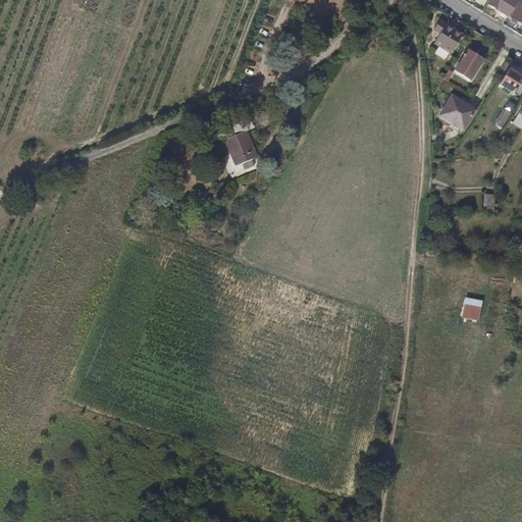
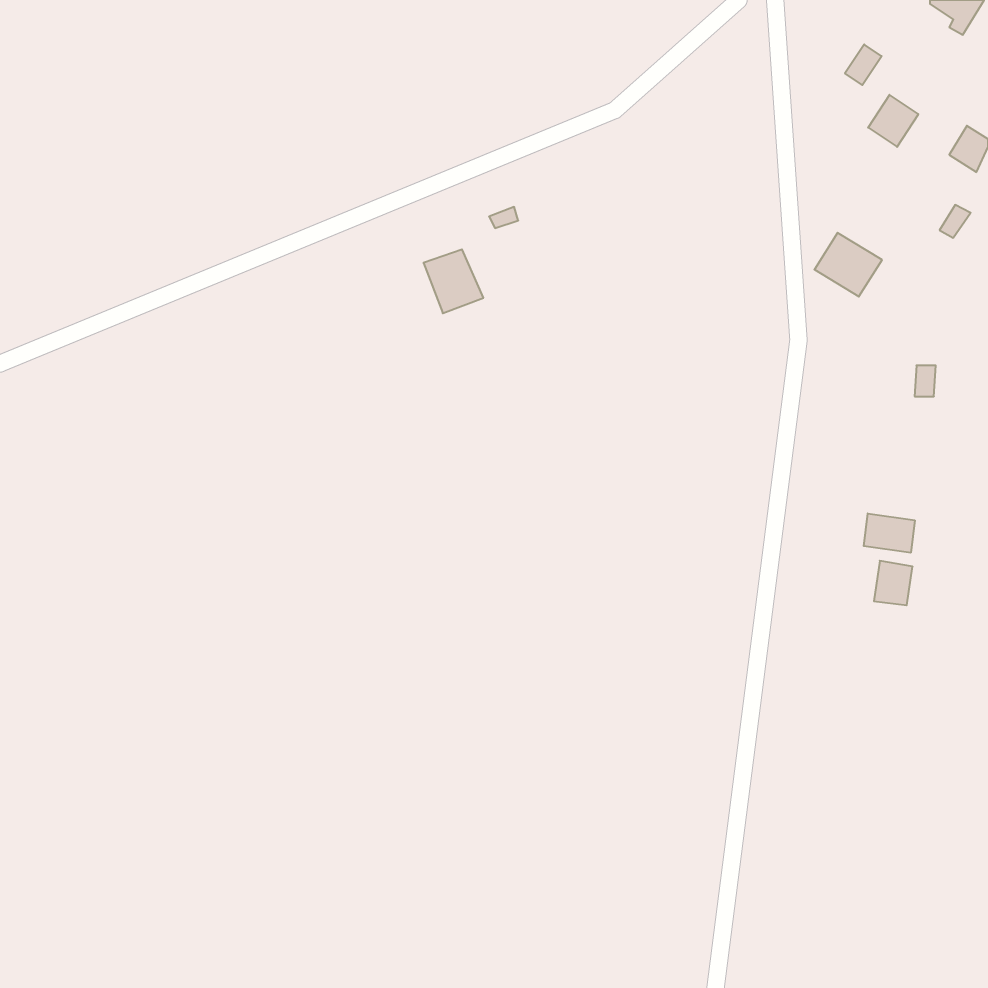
building: [441,93,477,126] -> [814,233,882,297]
building: none -> [864,513,915,553]

